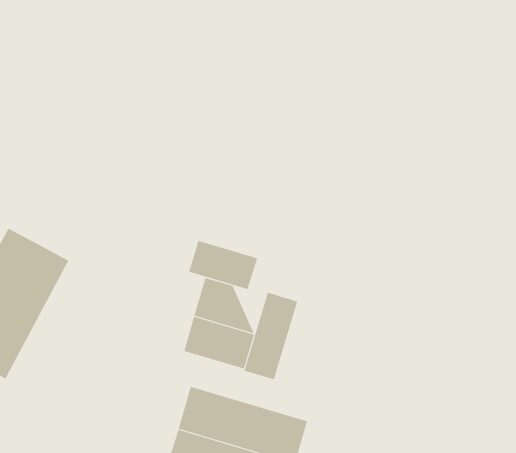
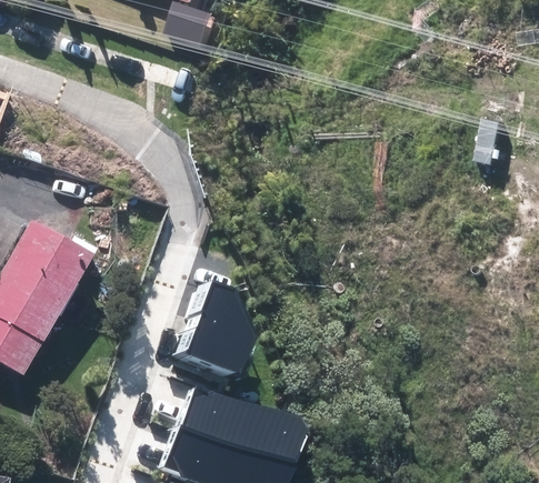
building: [188,240,258,290] -> none
building: [244,292,298,380] -> none

